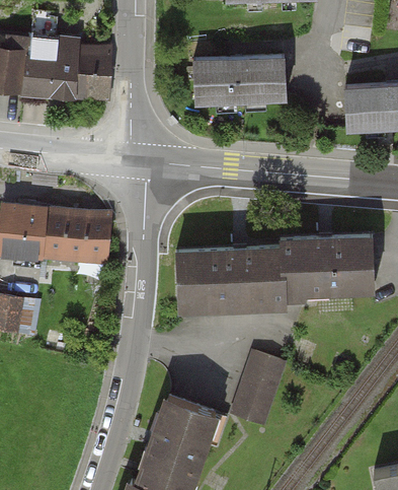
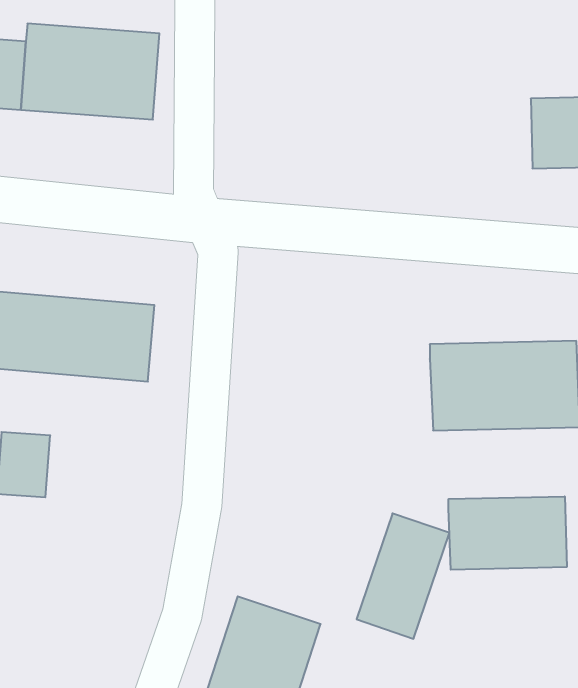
building: [193,57,284,102] -> none
building: [175,249,283,310] -> none
building: none -> [448,496,567,570]

